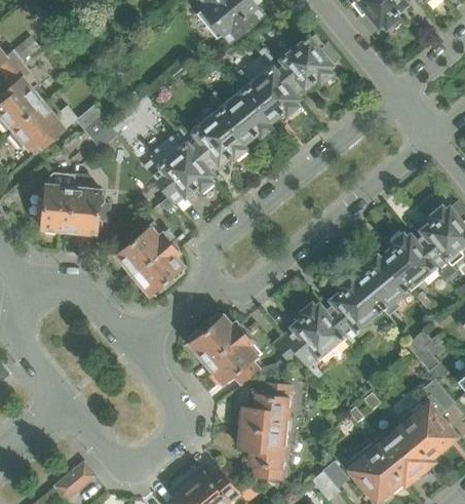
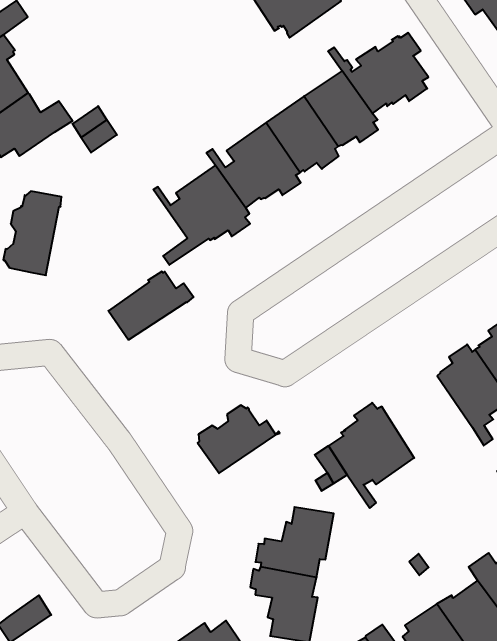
building: [69,175,110,235] -> none
building: [132,242,184,297] -> none
building: [322,276,386,349] -> none
building: [206,332,262,385] -> none

